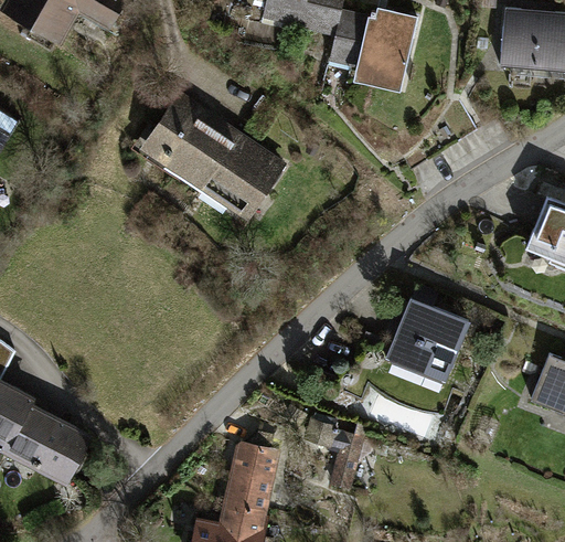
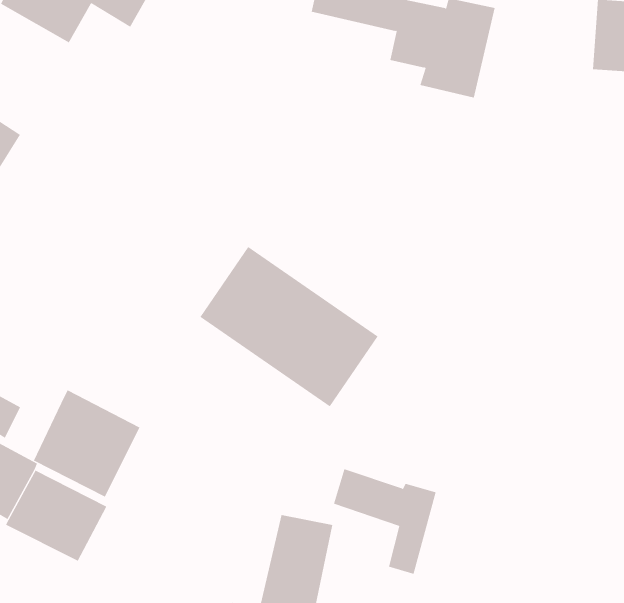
building: [138,89,289,225] -> [199,246,379,407]
building: [385,301,468,382] -> none
building: none -> [33,389,140,498]

